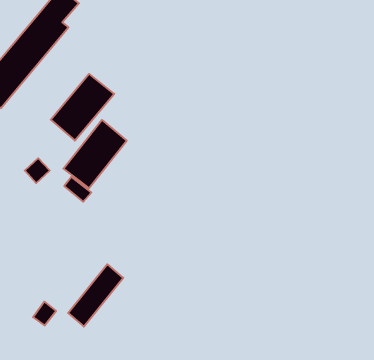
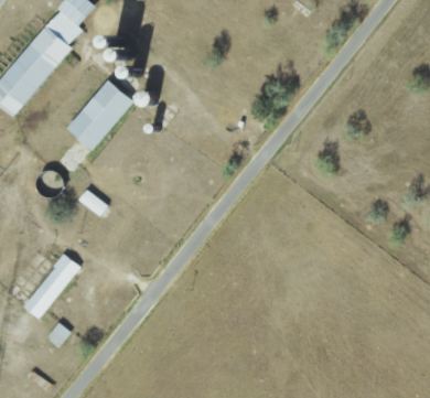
building: [63,120,127,188] -> none
building: [68,264,123,327] -> [23,252,82,319]

